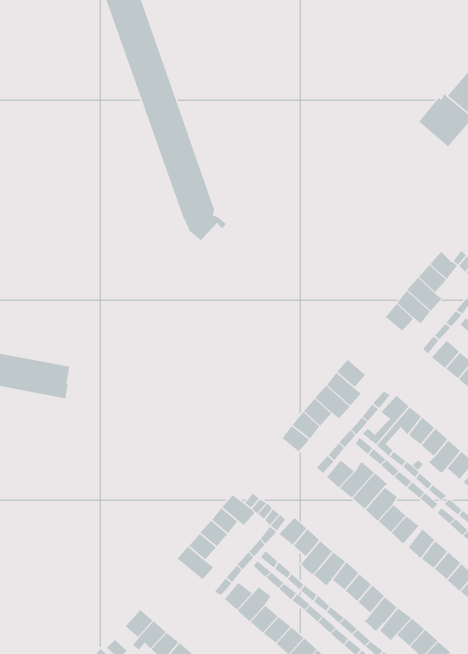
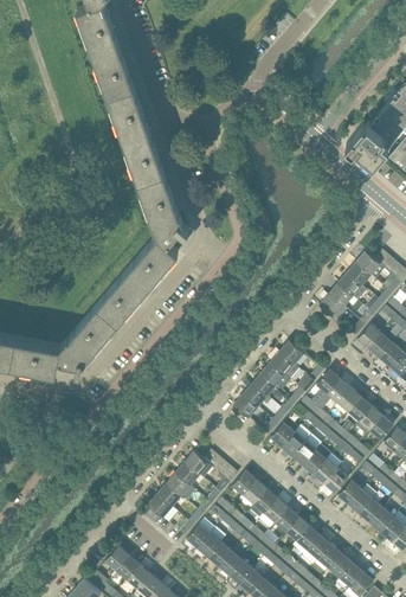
building: none -> [58,235,179,371]

